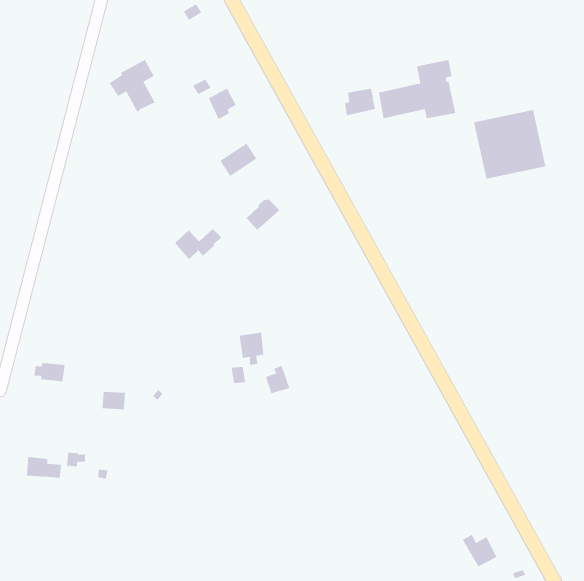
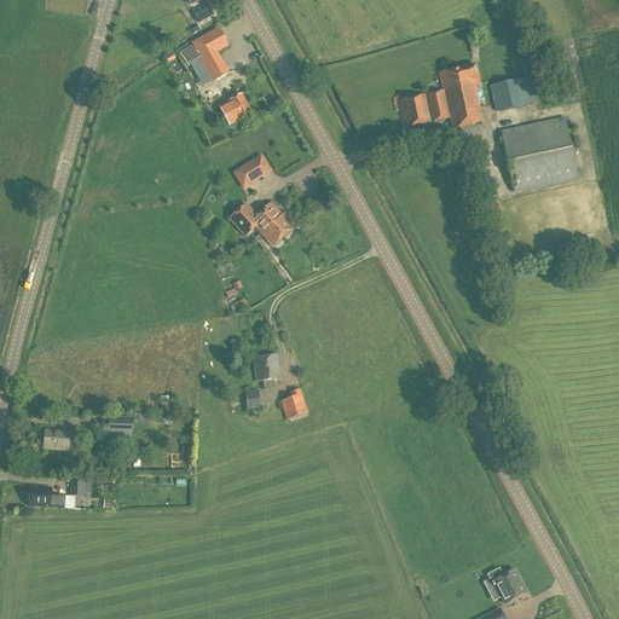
building: [109,59,156,113] -> [179,25,228,82]
building: none -> [491,75,536,109]
building: [345,88,376,116] -> none
building: [174,228,222,260] -> [230,201,280,235]
building: [34,362,66,382] -> [36,428,70,449]

